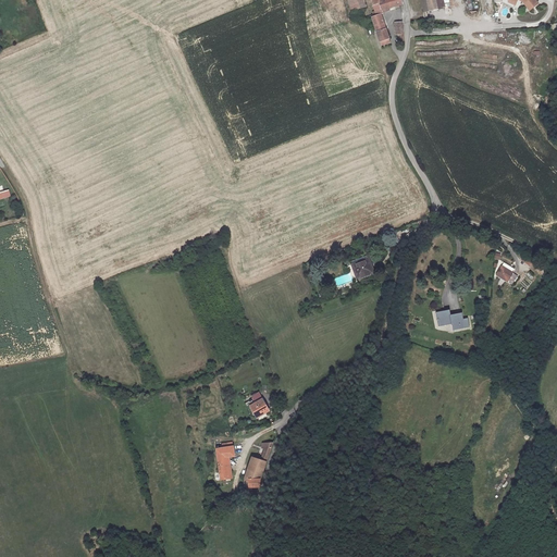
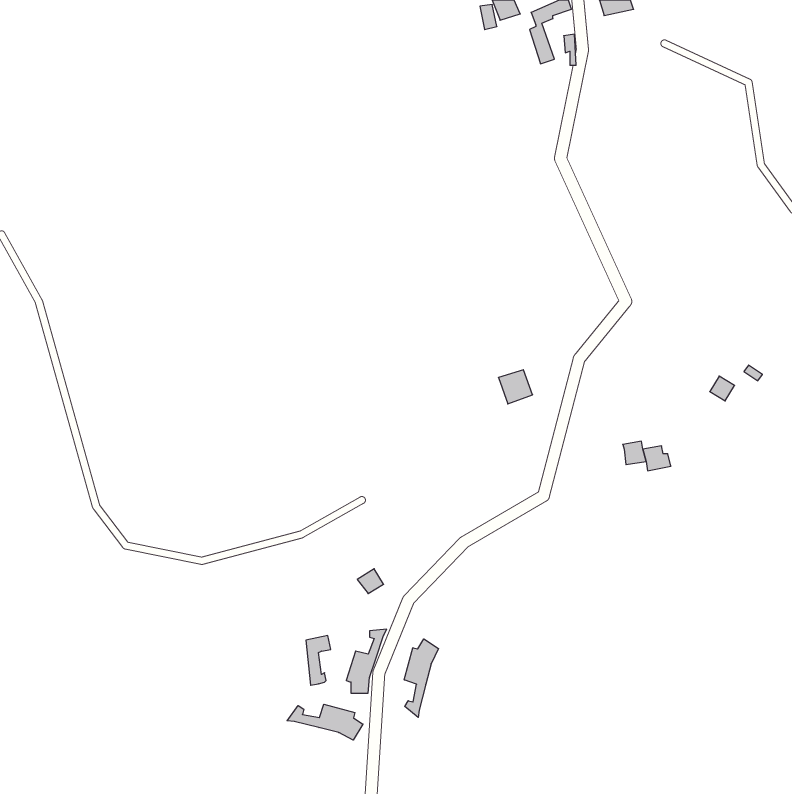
building: none -> [404,639,438,717]
building: none -> [287,704,363,740]

